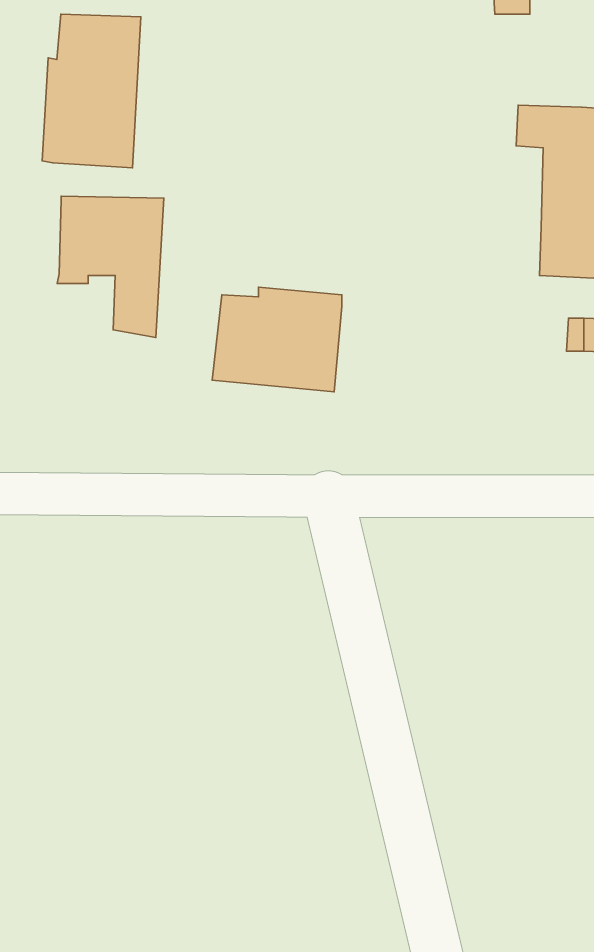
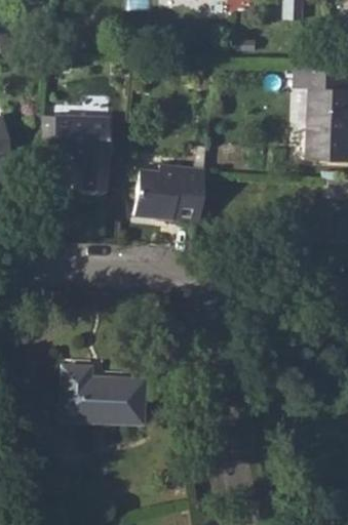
building: [42,14,141,168] -> none
building: none -> [59,366,143,422]

